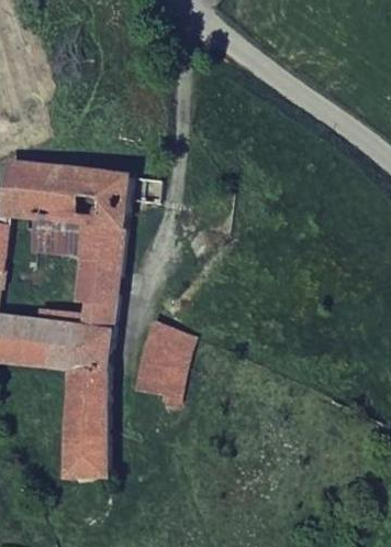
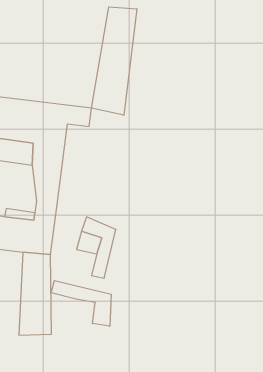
building: none -> [91,7,137,115]
building: none -> [51,281,111,326]

